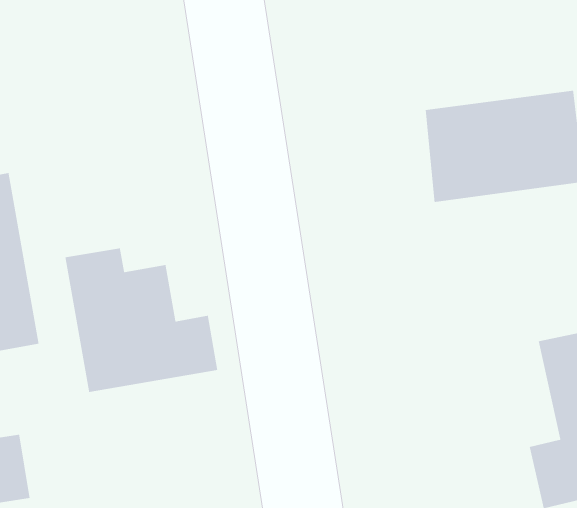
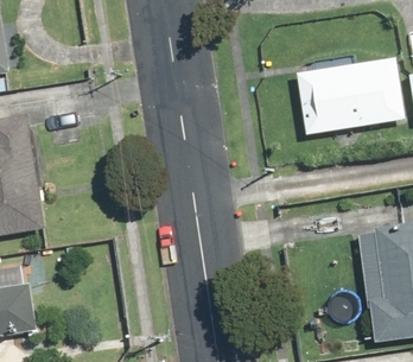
building: [64,248,218,393] -> none

